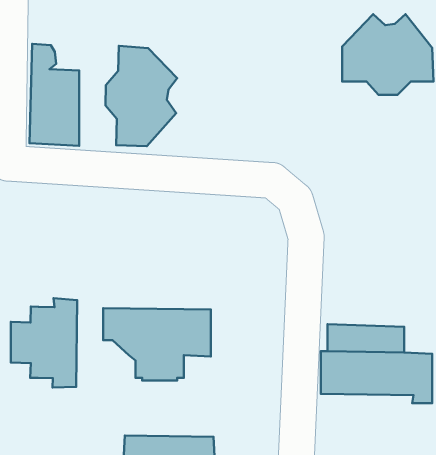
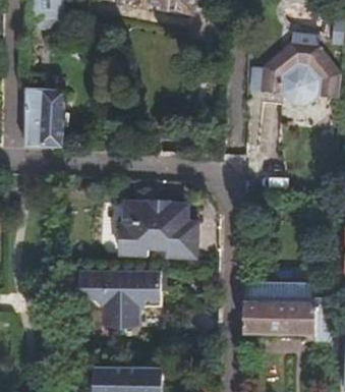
building: [105,46,177,146] -> none
building: none -> [121,201,200,257]
building: [11,298,77,388] -> none

